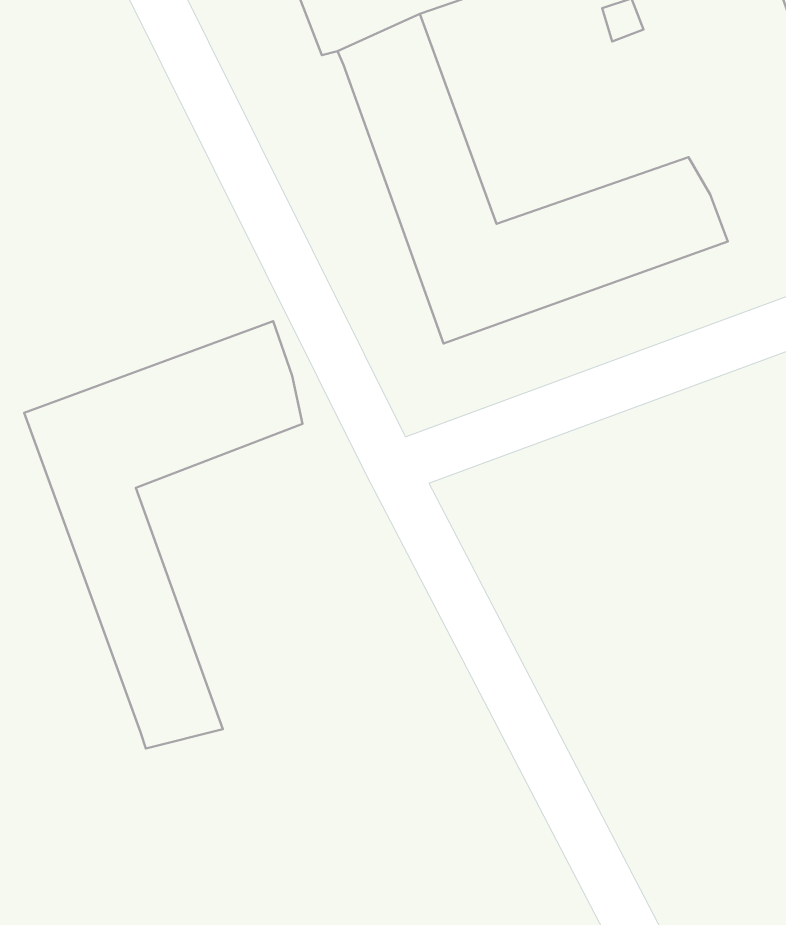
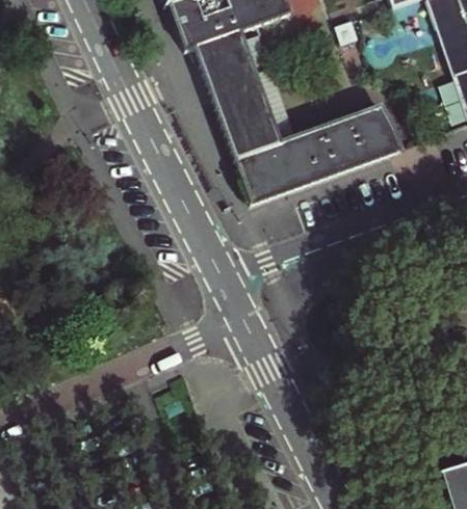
building: [24,321,303,749] -> none

